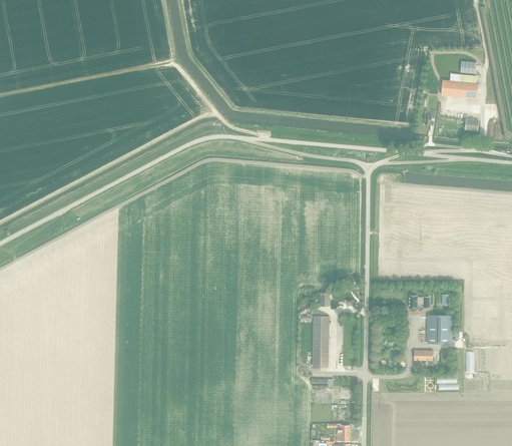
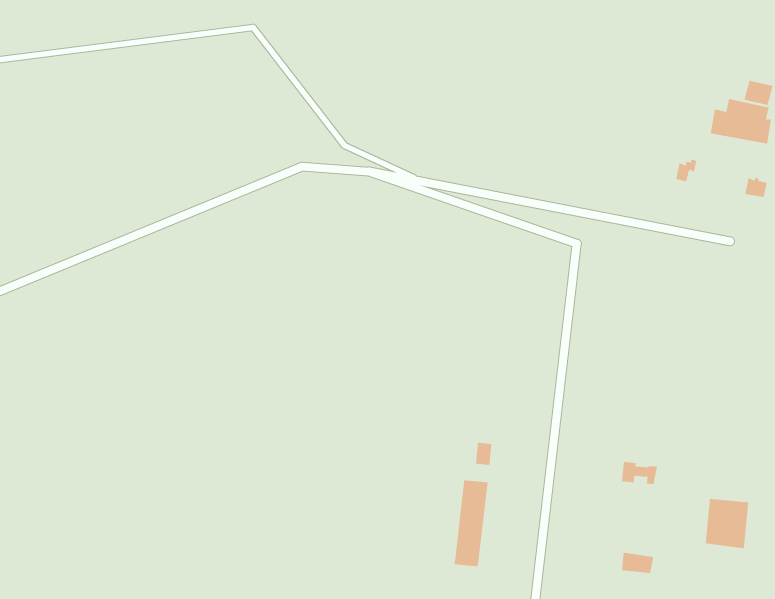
building: [427,316,451,344] -> [705,498,749,549]

